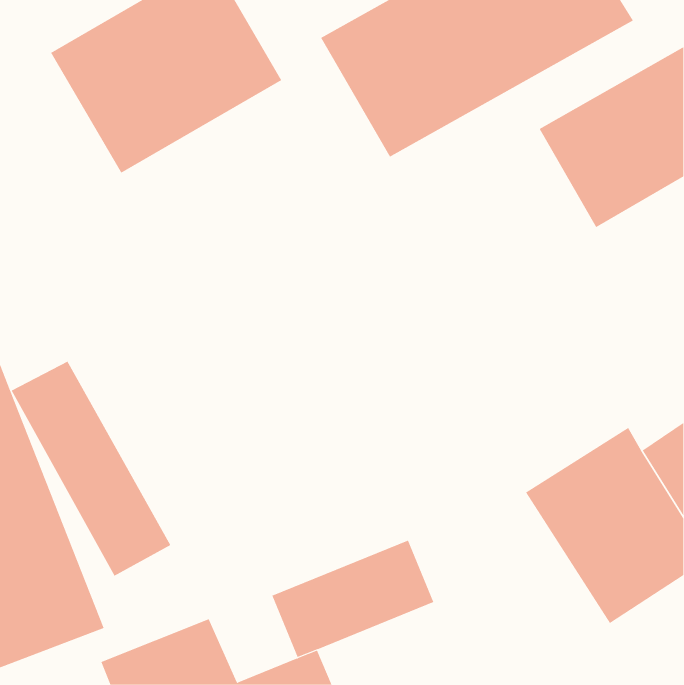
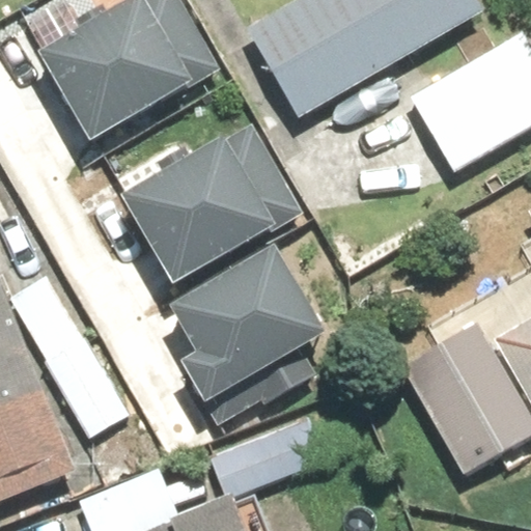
building: none -> [123,108,302,272]
building: none -> [171,246,329,410]

